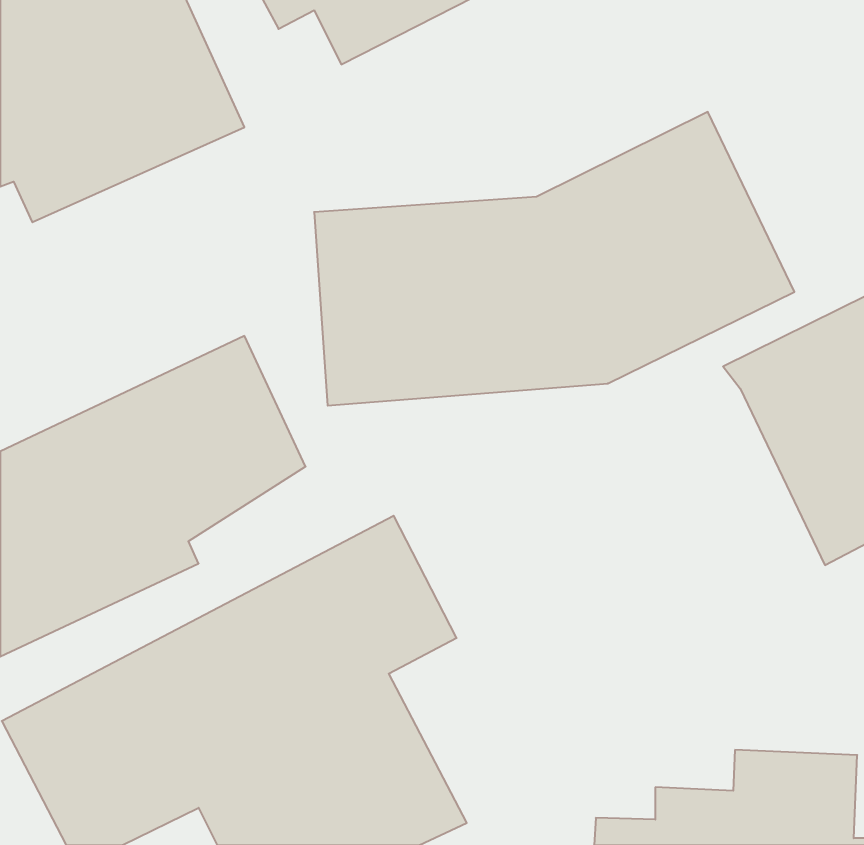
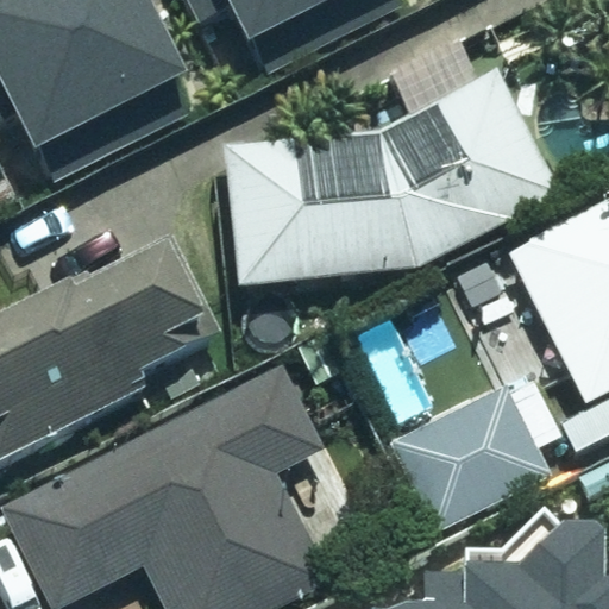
building: none -> [391,373,552,530]

